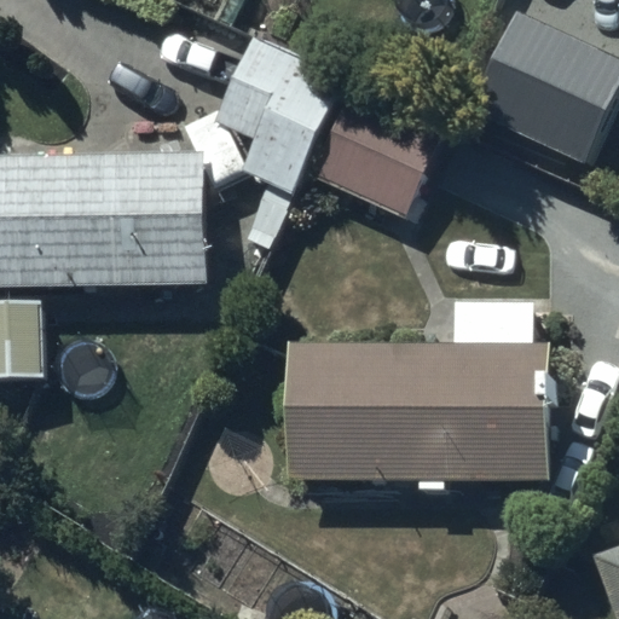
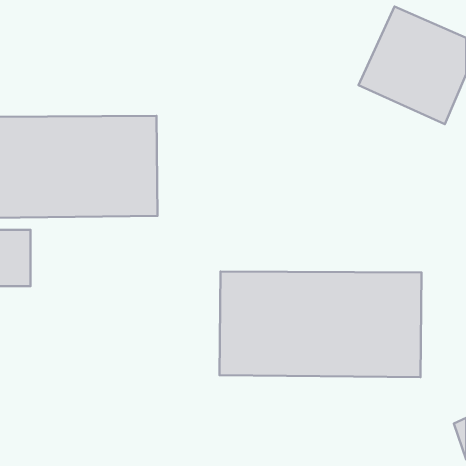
building: [214,31,345,209] -> none
building: [311,83,442,213] -> none

